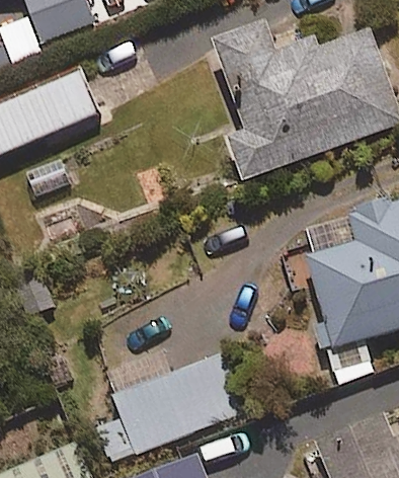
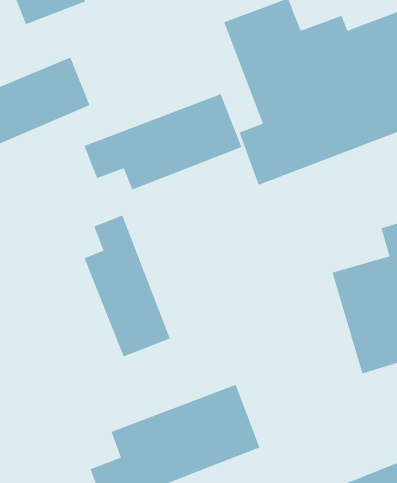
building: none -> [83,93,242,191]
building: none -> [84,214,171,358]

